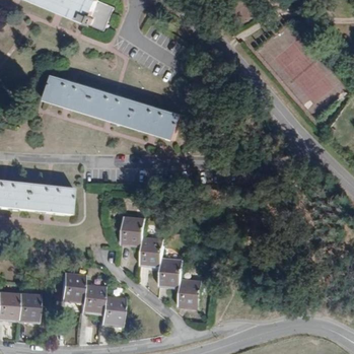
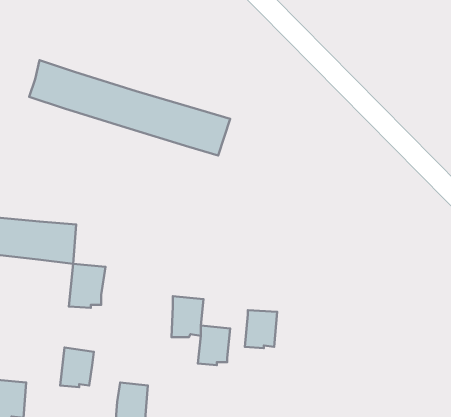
building: [119,215,144,245] -> [69,264,105,308]
building: [176,279,199,305] -> [245,310,277,348]
building: [82,284,104,311] -> none

